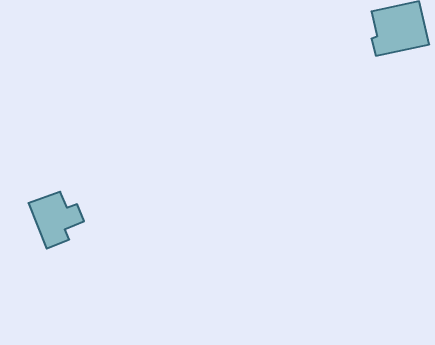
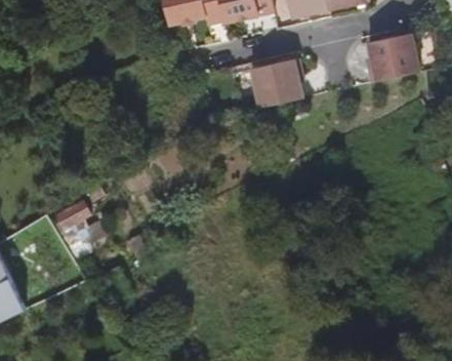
building: none -> [250,58,302,107]

